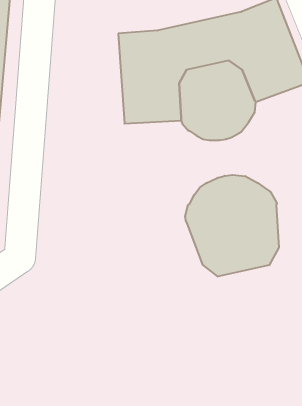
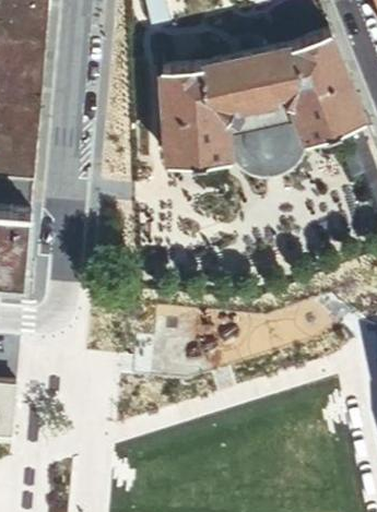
building: [185,175,279,277] -> none

